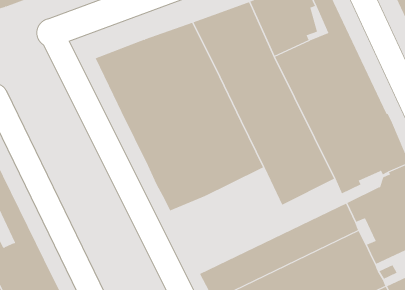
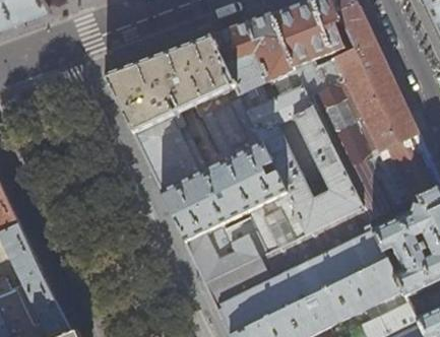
building: none -> [187,194,376,308]

